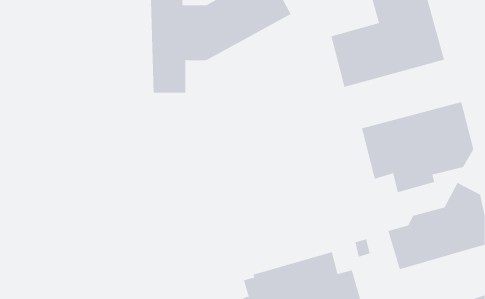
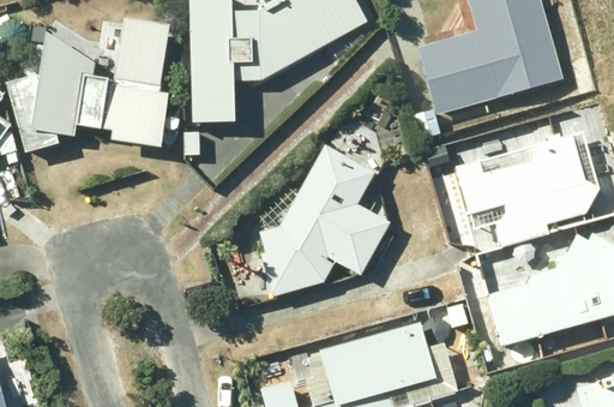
building: none -> [7,16,169,151]
building: none -> [259,143,389,297]

